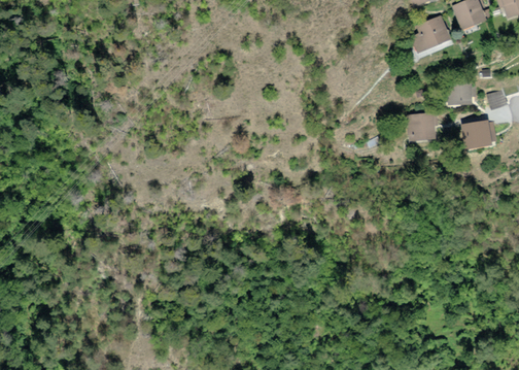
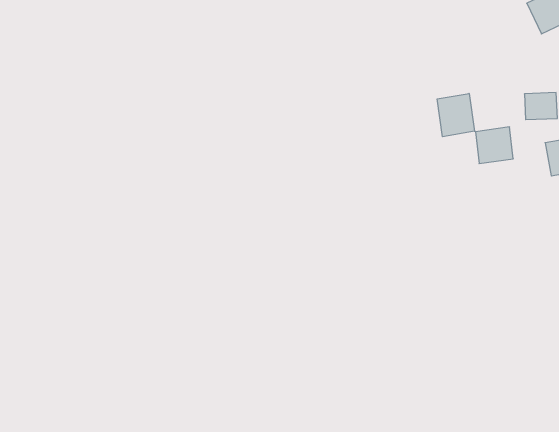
building: [405,14,449,55] -> none
building: none -> [437,93,474,137]

